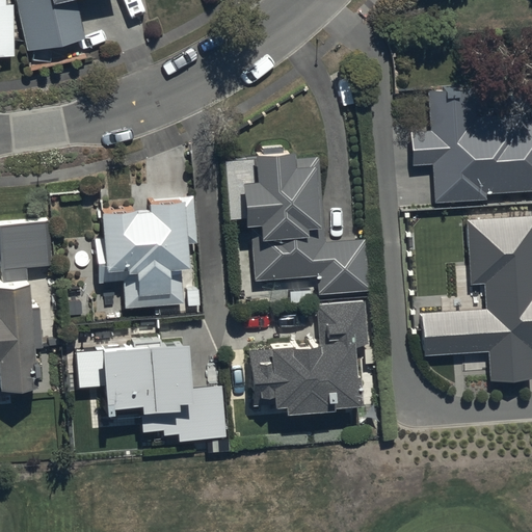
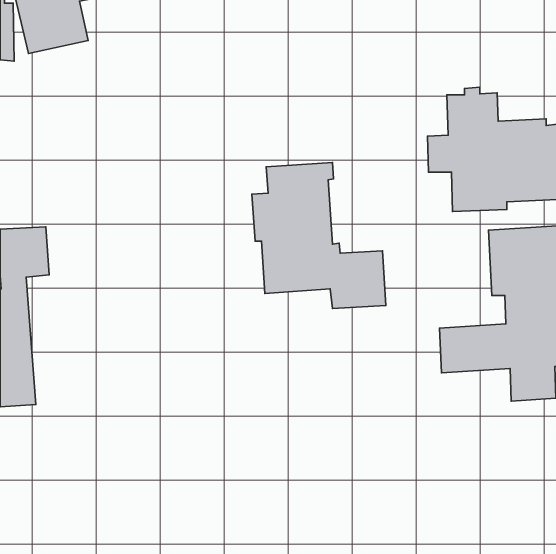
building: [95,194,203,309] -> none
building: [247,302,368,416] -> none
building: [99,348,225,442] -> none

